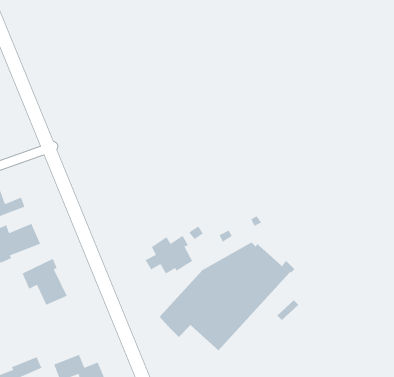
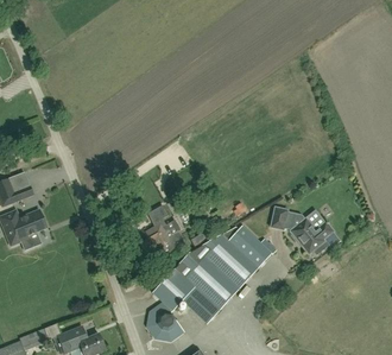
building: none -> [271,207,334,254]
building: [21,258,68,306] -> none
building: none -> [147,303,184,341]

